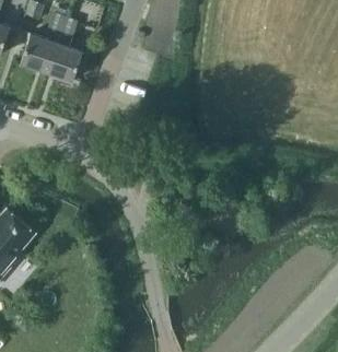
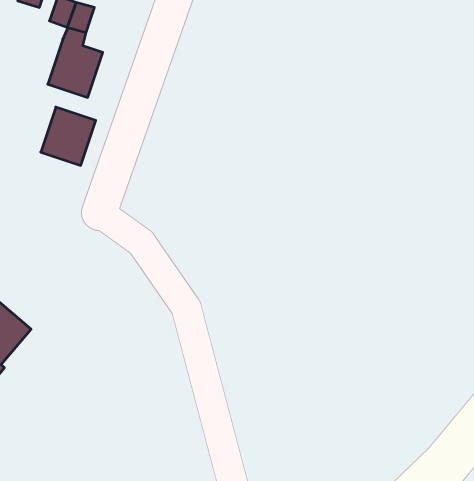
building: [19,33,55,71] -> [41,107,96,165]

